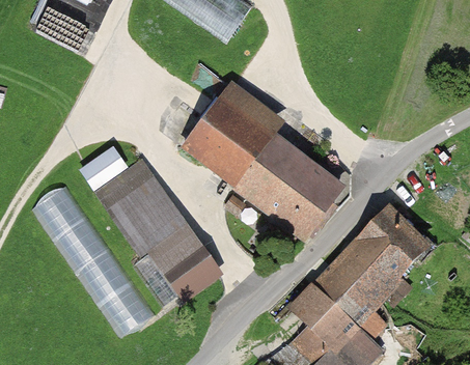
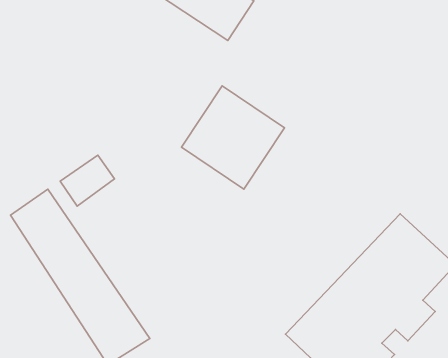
building: [233,140,337,241] -> none
building: [103,167,222,306] -> none

